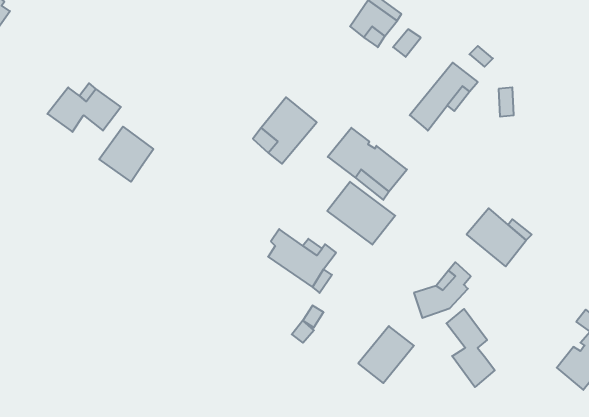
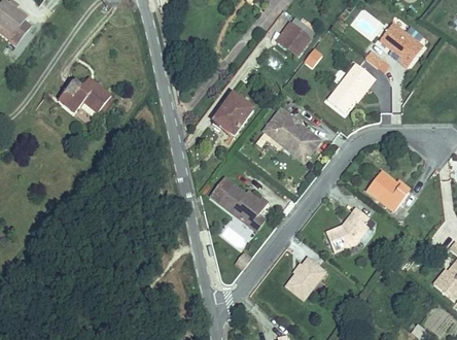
building: none -> [381,21,425,66]
building: [99,127,153,182] -> none
building: [327,182,395,245] -> none
building: [446,309,495,387] -> none

